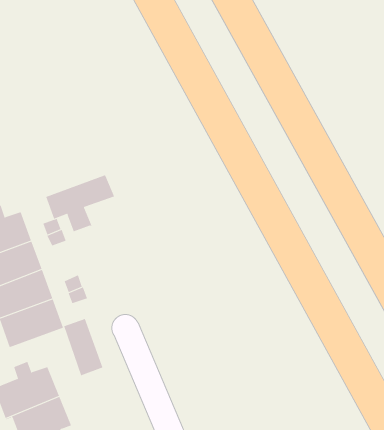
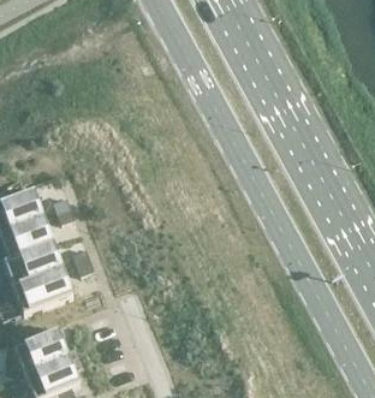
building: [45,172,115,232] -> none
building: [63,318,103,376] -> none

